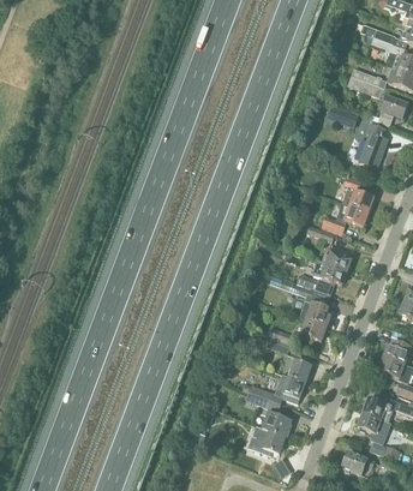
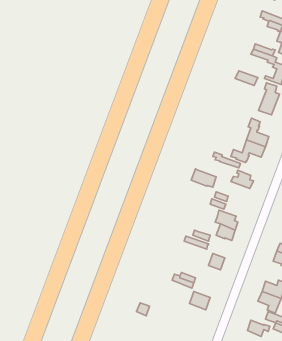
building: [312,258,347,283] -> [191,169,216,187]
building: [275,373,306,402] -> none
building: [252,426,286,455] -> none

